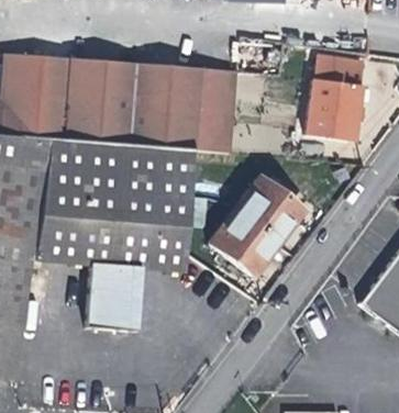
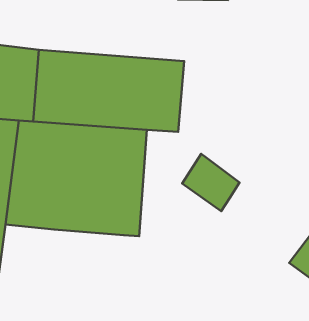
building: [304,57,364,142] -> none
building: [210,212,281,286] -> none
building: [84,265,141,333] -> none

